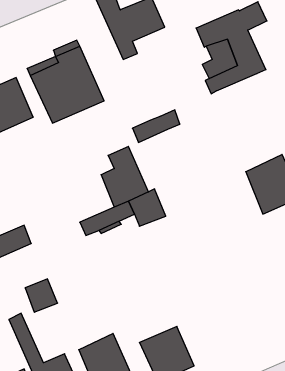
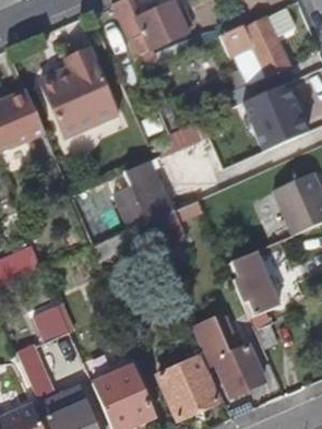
building: none -> [241,84,307,152]
building: none -> [231,251,279,329]
building: none -> [192,315,262,392]

